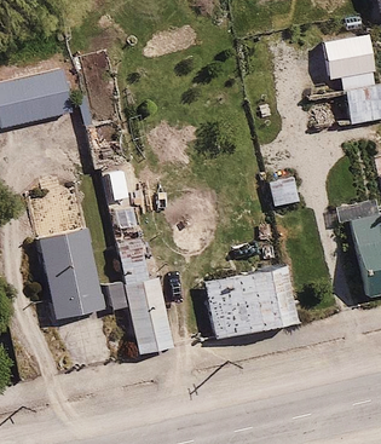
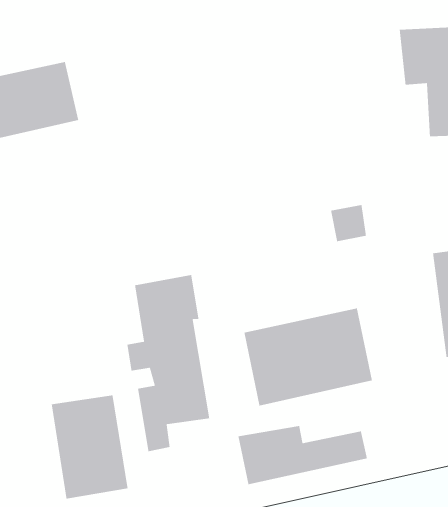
building: [40,233,102,317] -> [51,395,128,500]
building: none -> [237,425,368,485]

